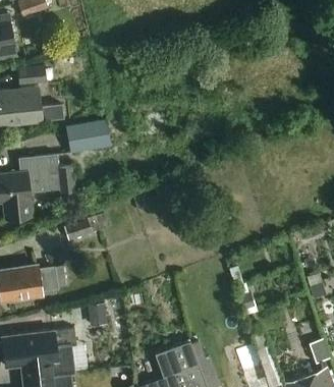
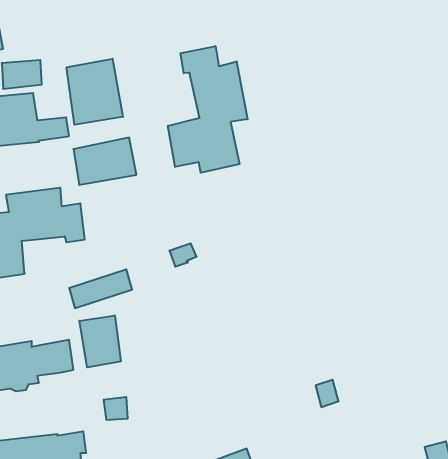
building: none -> [168,46,248,173]
building: none -> [67,59,123,125]
building: none -> [79,315,121,367]

